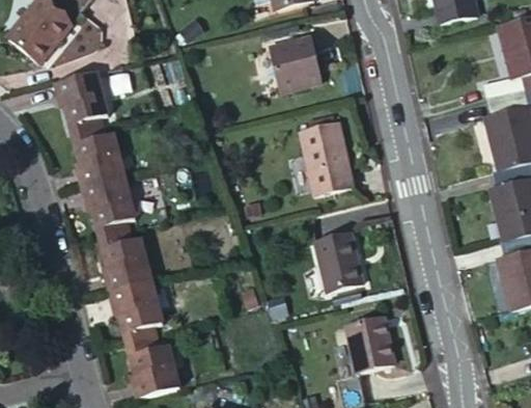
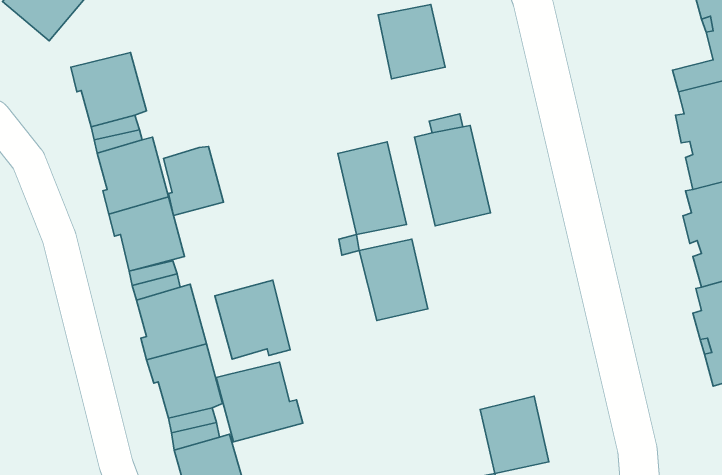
building: none -> [338,142,406,235]
building: none -> [163,147,223,215]
building: [314,233,363,291] -> [359,239,428,321]
building: none -> [215,280,290,359]
building: none -> [216,362,303,442]

